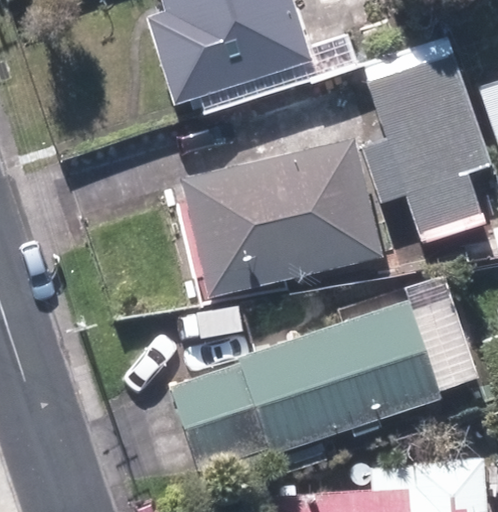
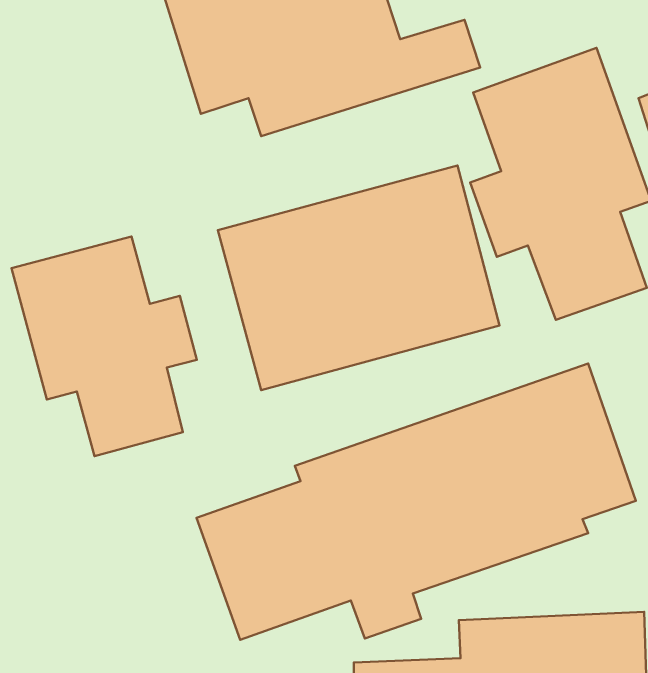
building: none -> [11,236,197,456]

